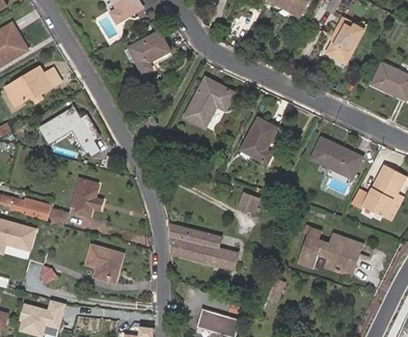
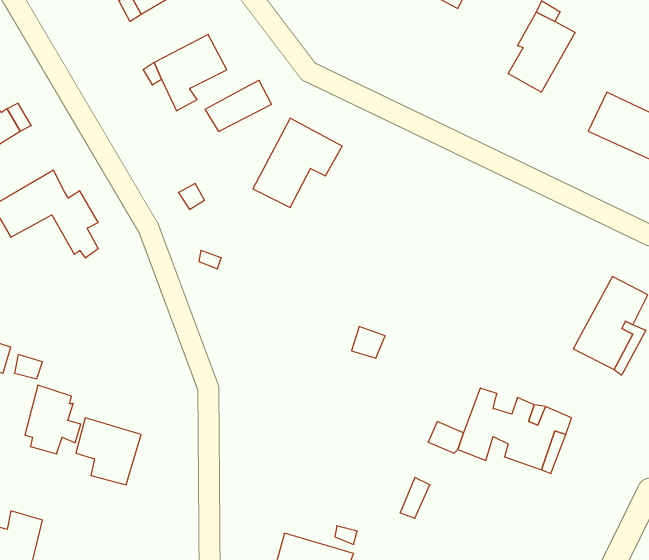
building: none -> [205,80,271,132]
building: [242,118,277,163] -> none
building: [311,138,362,178] -> none
building: [72,178,103,217] -> [25,385,81,454]
building: [169,224,238,270] -> none

